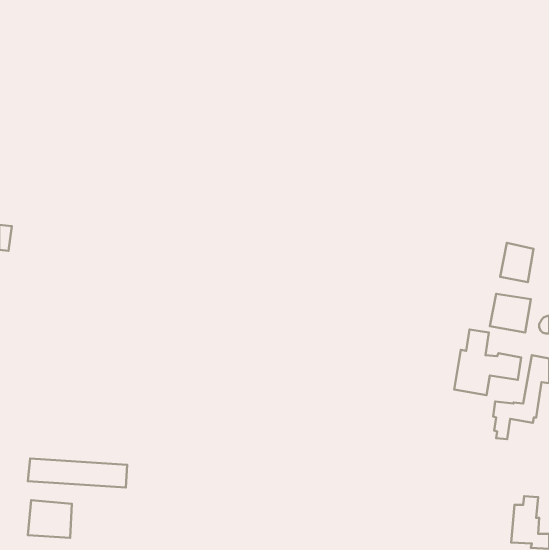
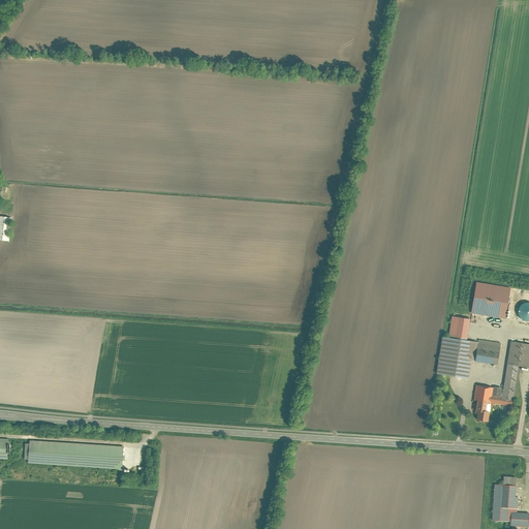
building: [500,243,534,282] -> none
building: [28,500,72,538] -> none

